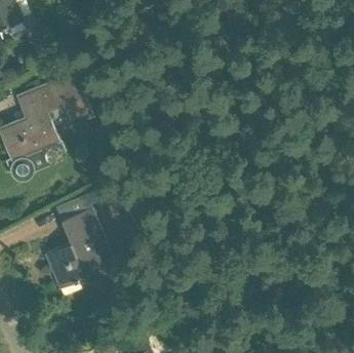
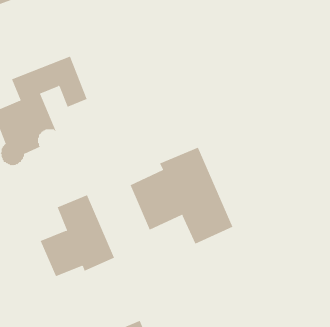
building: none -> [130,147,233,244]

